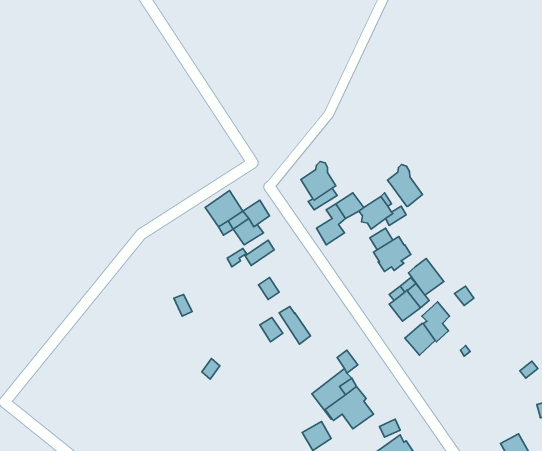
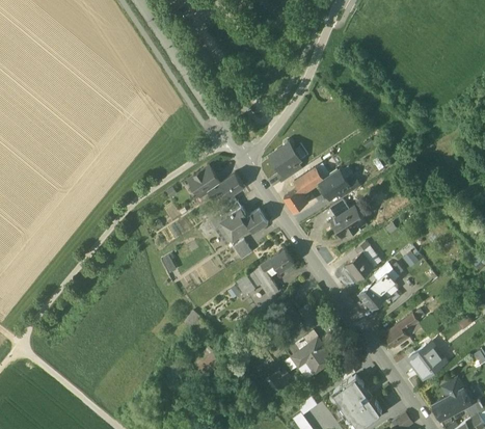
building: [388,164,423,207] -> none
building: none -> [227,212,268,240]
building: [408,259,444,295] -> none
building: none -> [261,249,294,273]
building: none -> [384,313,419,346]
building: none -> [408,340,446,377]

